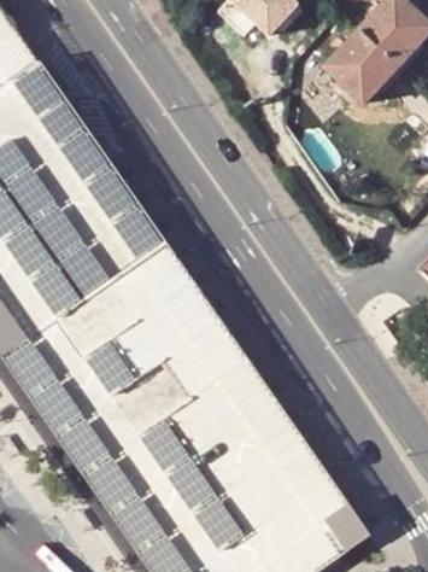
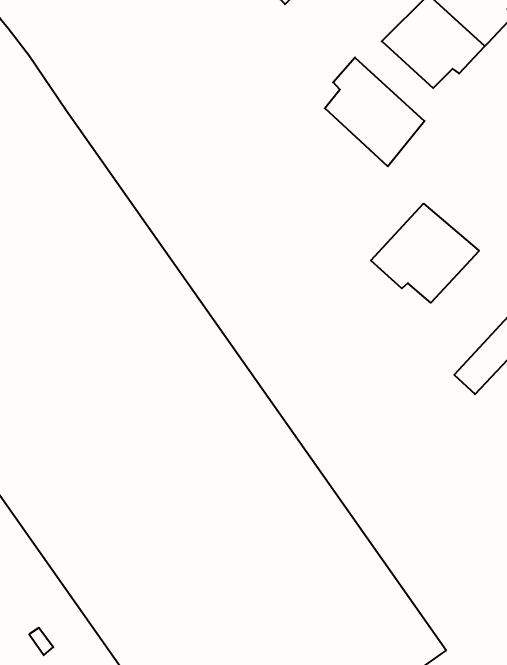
building: none -> [325,57,425,166]
building: none -> [371,204,479,303]

